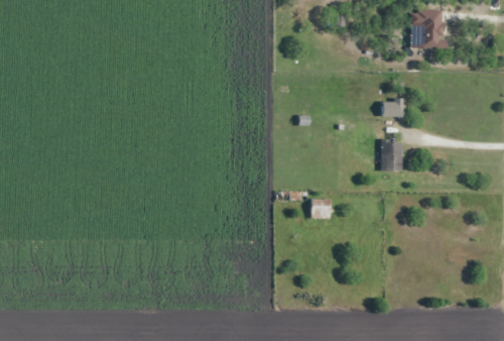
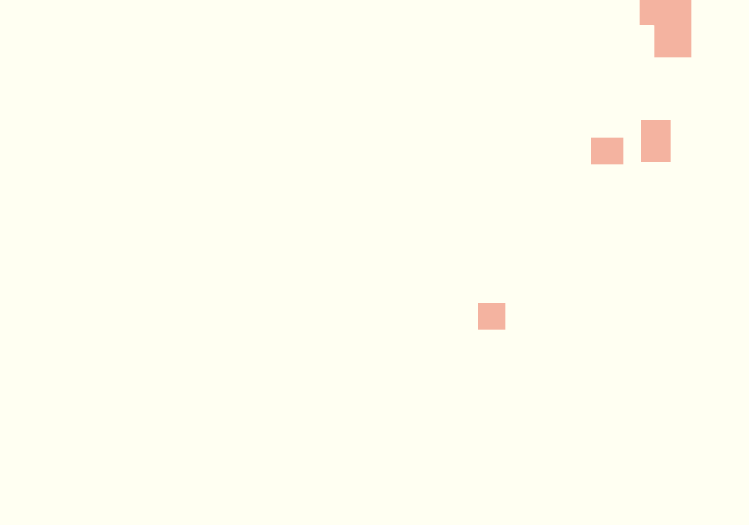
building: none -> [641,119,671,163]
building: [382,141,402,170] -> none

